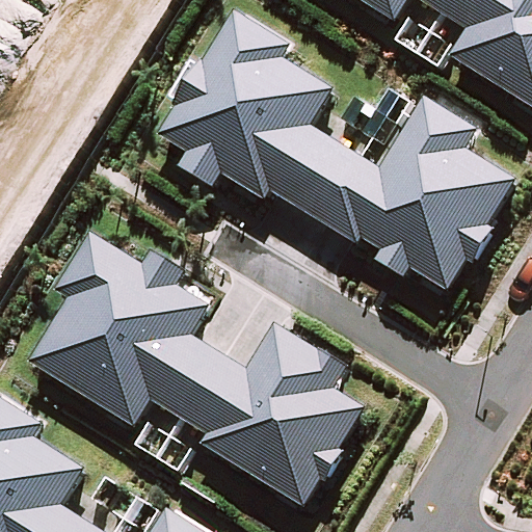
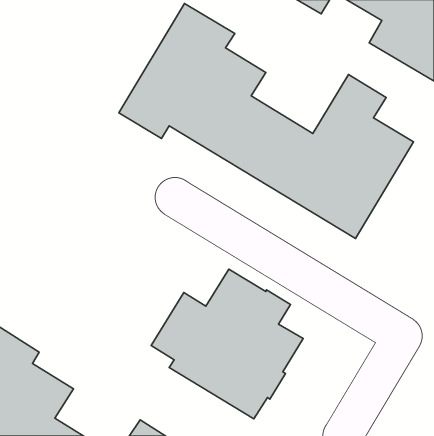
building: [33,236,223,430] -> none

